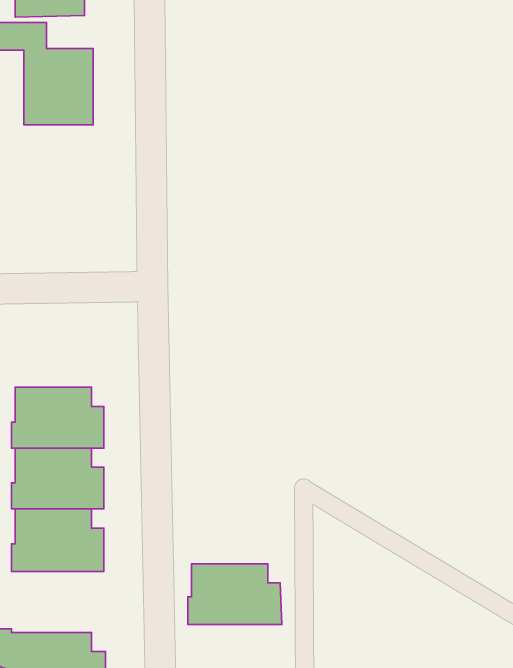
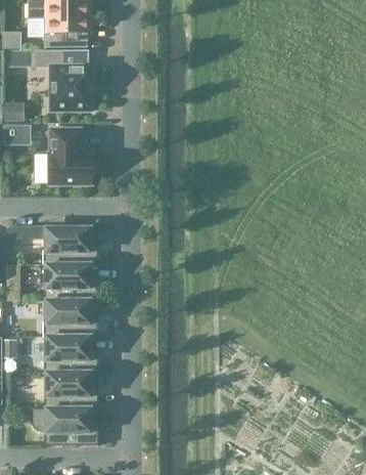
building: none -> [48,129,95,184]
building: none -> [43,227,97,265]
building: [188,564,282,625] -> [43,374,98,409]

